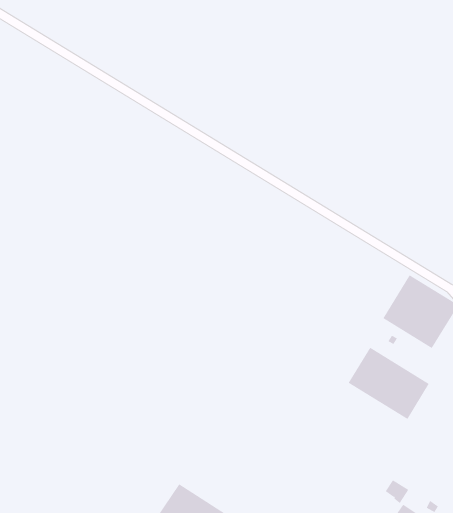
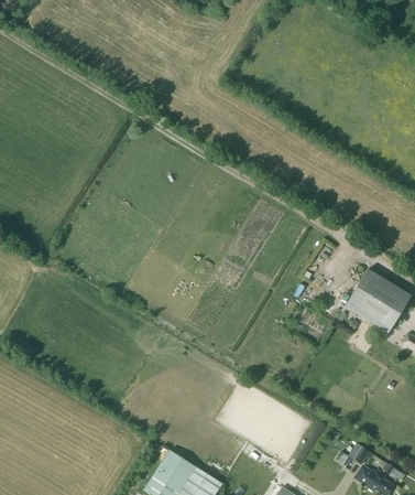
building: [348,347,430,420] -> none

